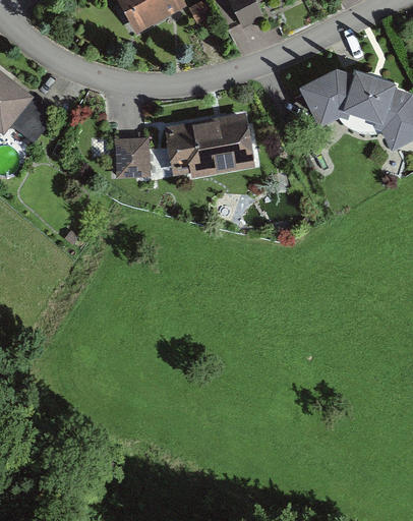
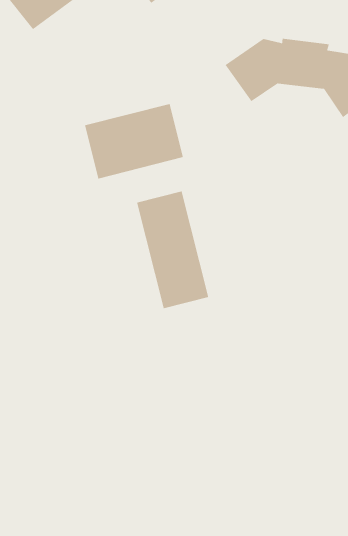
building: [116,137,151,175] -> none
building: none -> [136,190,209,309]

